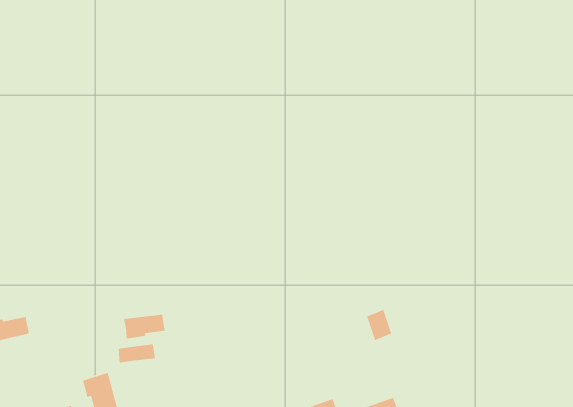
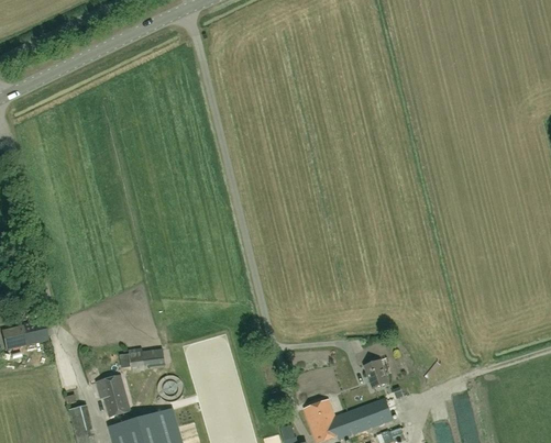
building: [366,309,392,341] -> [363,358,387,388]
building: [123,314,165,339] -> none

